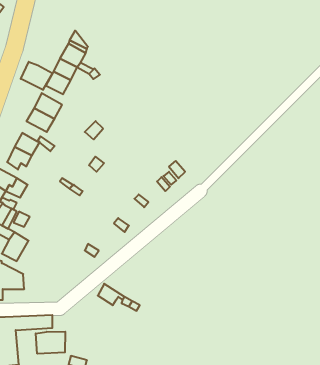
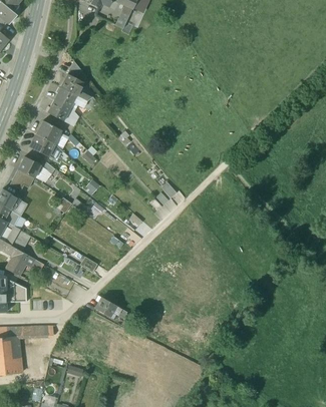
building: [21,62,53,90] -> none
building: [36,332,65,354] -> none

